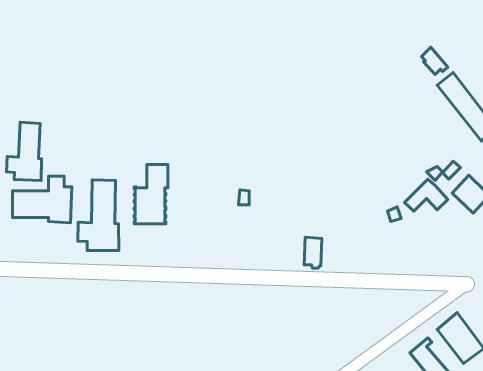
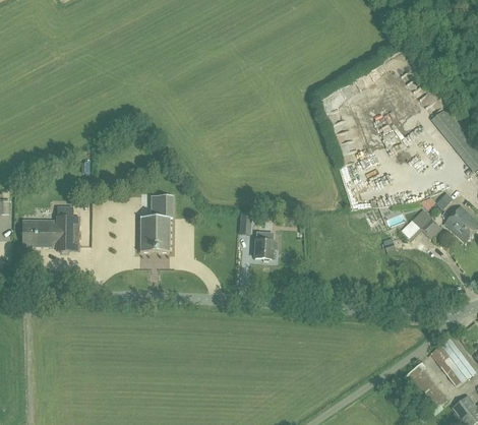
building: [6,122,42,180] -> none
building: [78,180,119,250] -> none
building: [304,237,322,268] -> [255,232,273,261]

